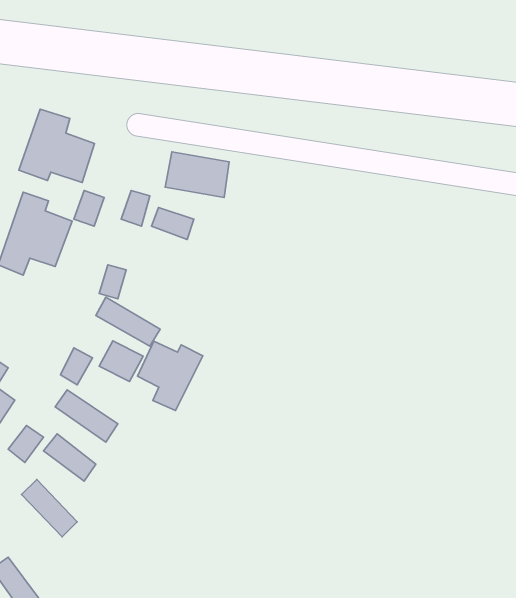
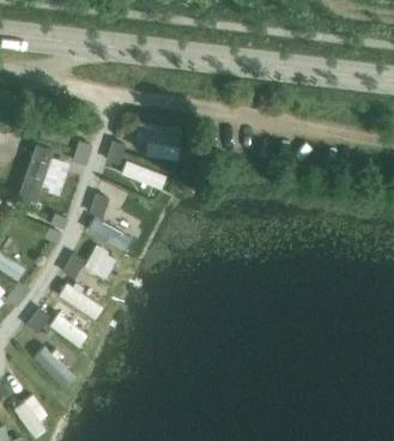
building: [19,109,95,182] -> none
building: [137,341,203,410] -> none

